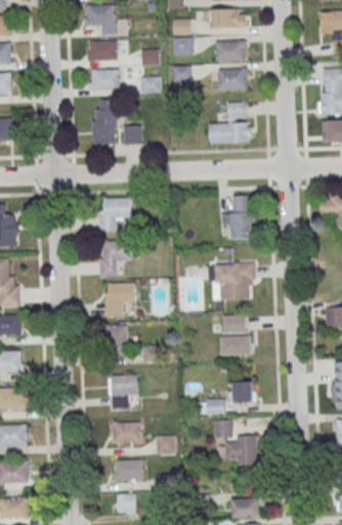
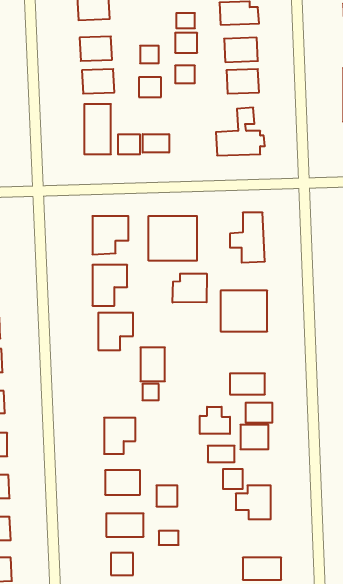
building: none -> [143,134,169,153]
building: none -> [149,216,197,261]
building: none -> [173,274,207,303]
building: [222,315,246,332] -> [246,403,272,423]
building: [105,325,127,355] -> [140,347,165,381]
building: none -> [200,407,230,434]

